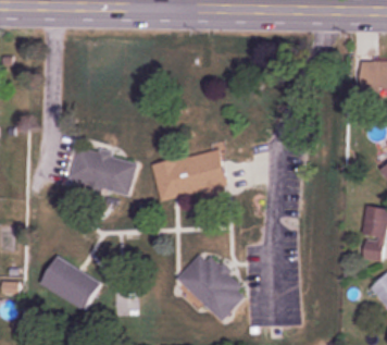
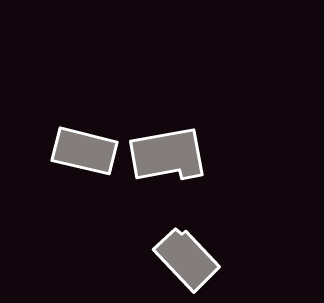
building: [39,256,100,310] -> none

